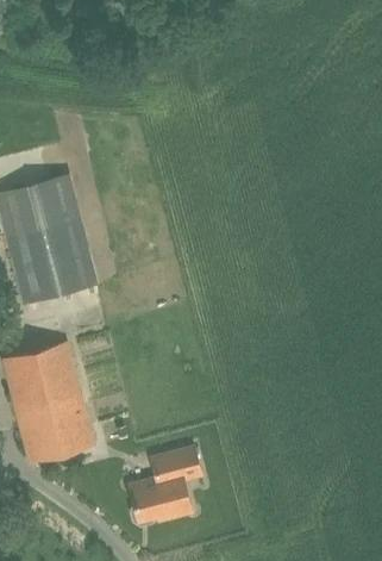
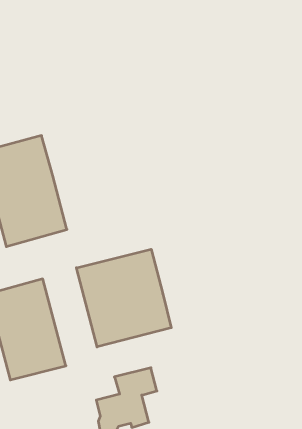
building: none -> [76,249,171,347]

